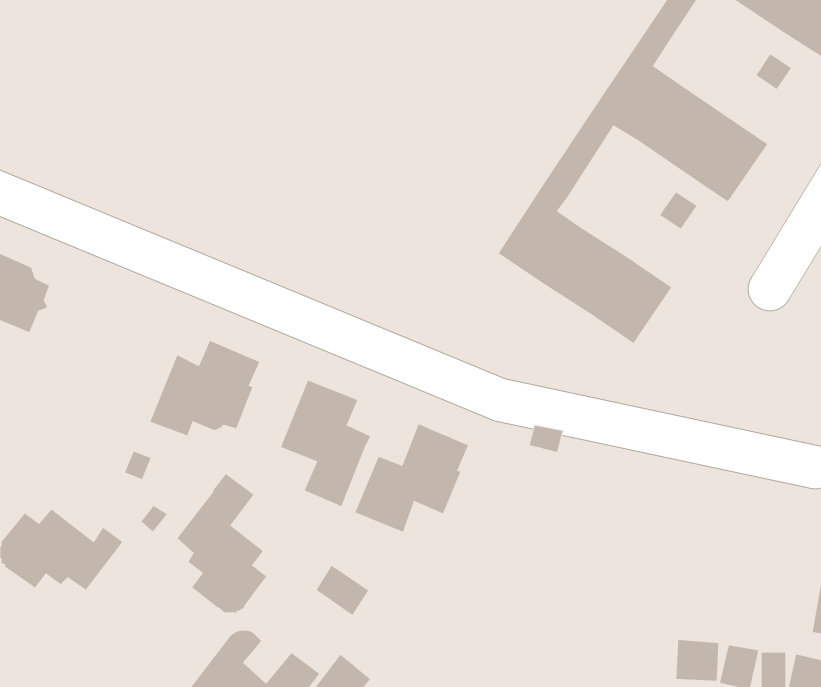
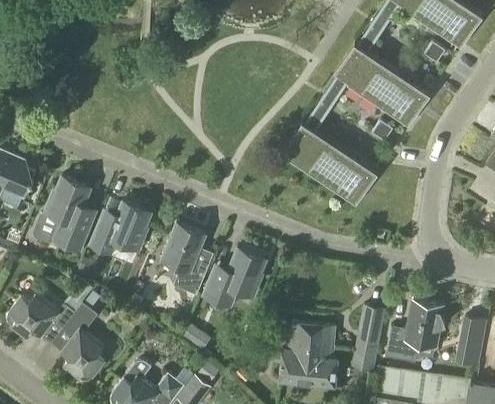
building: none -> [34,177,91,251]
building: [177,473,267,613] -> [55,304,105,381]
building: none -> [385,302,444,363]
building: none -> [353,307,384,371]
building: none -> [279,324,337,388]

